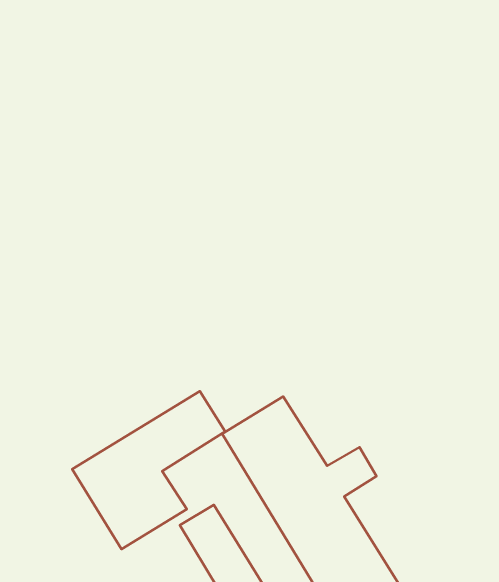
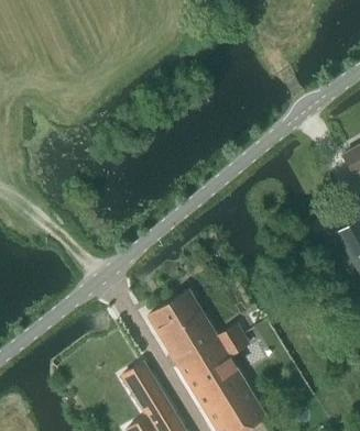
building: [72,391,225,549] -> none

